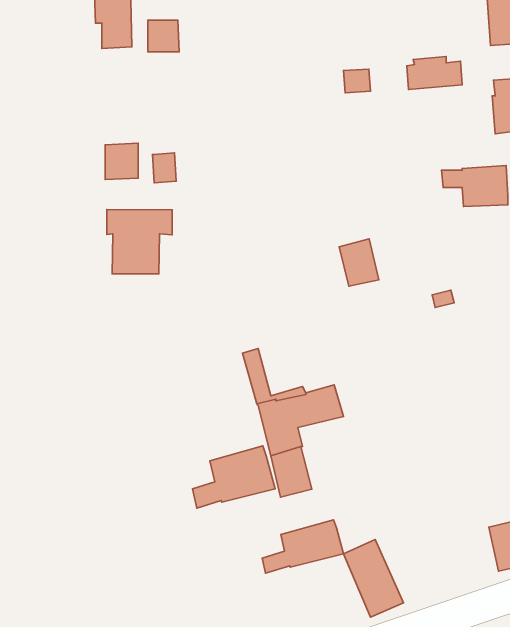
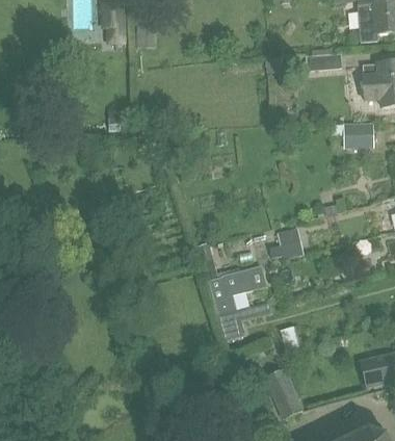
building: [107,210,172,274] -> none
building: [339,239,379,286] -> [276,227,302,258]
building: [193,446,275,508] -> none
building: [262,520,344,573] -> none

